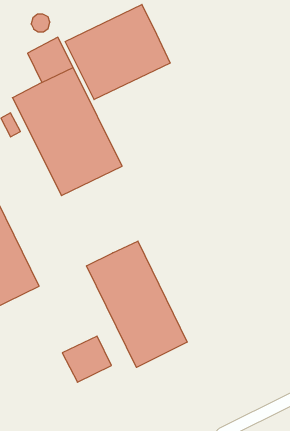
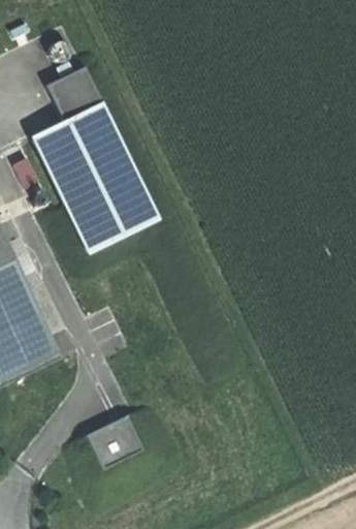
building: [65,4,170,100] -> none
building: [87,241,187,367] -> none

